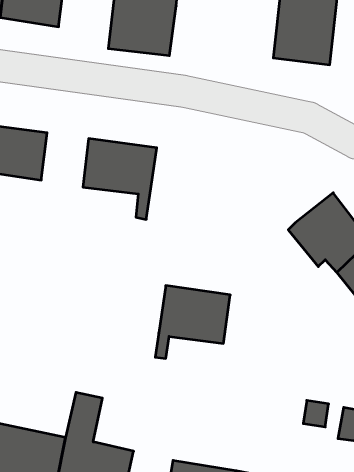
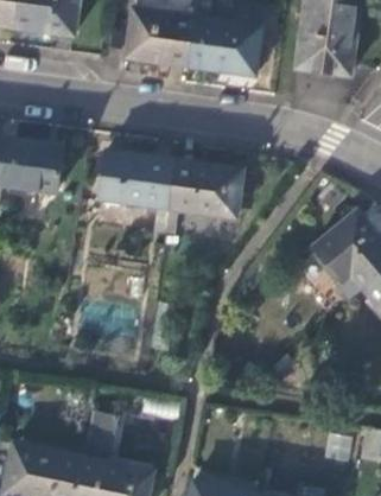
building: none -> [189,15,263,76]
building: [155,286,230,358] -> [165,161,242,236]

